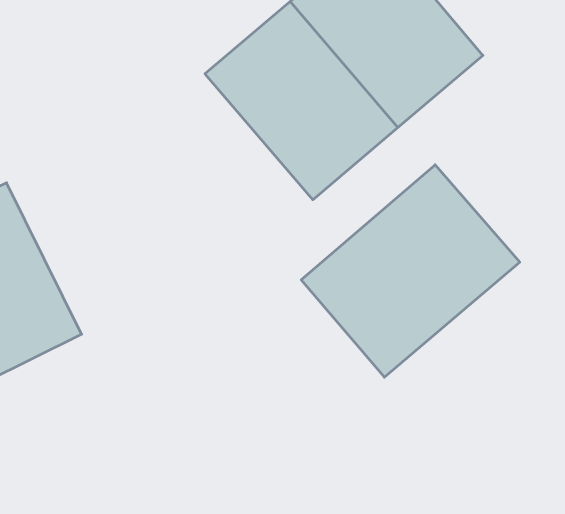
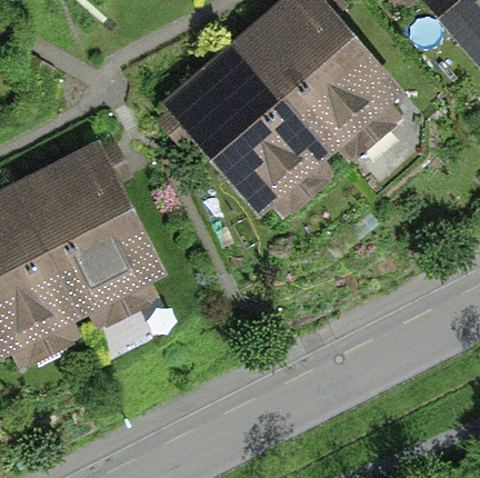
building: none -> [20,155,157,311]
building: [301,165,520,377] -> none

